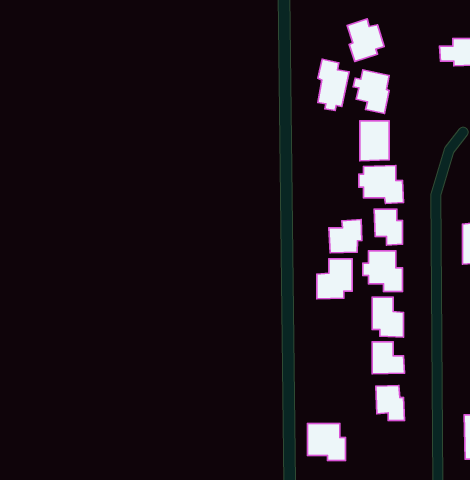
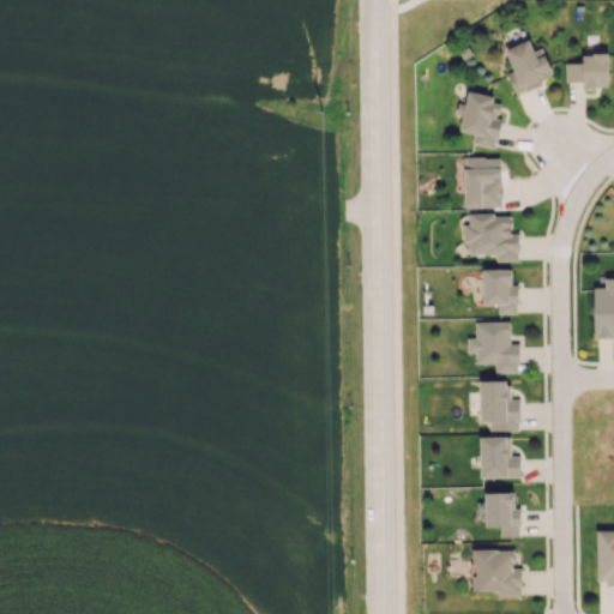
building: [347,19,384,62] -> [505,41,552,95]
building: [318,59,349,110] -> none
building: [329,220,362,253] -> none
building: [317,259,352,299] -> none
building: [308,423,346,460] -> [472,550,520,597]

